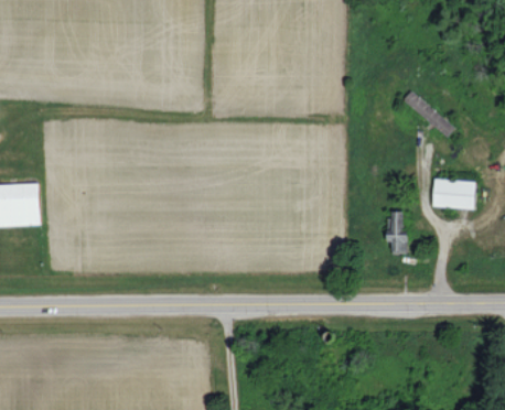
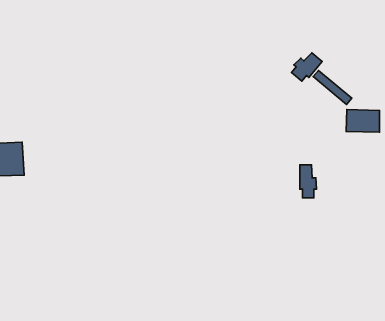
building: none -> [291,53,322,81]
building: [432,180,474,208] -> [346,109,379,132]

